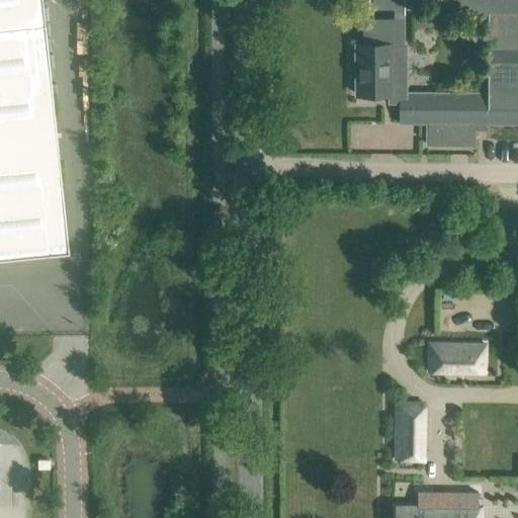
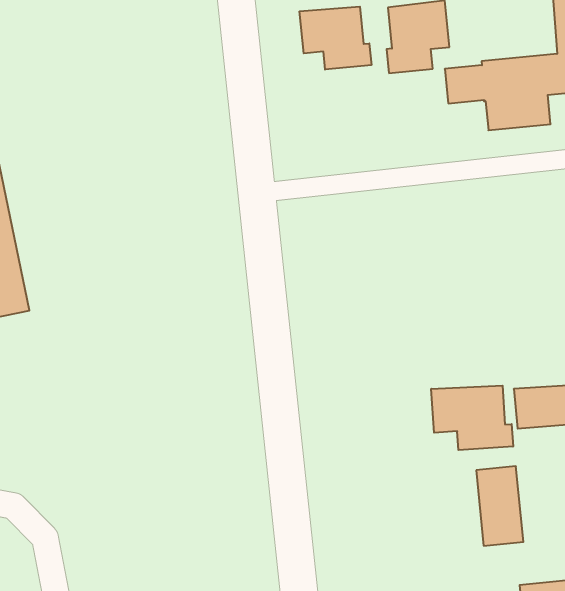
building: none -> [300,7,371,70]
building: none -> [431,386,513,450]

